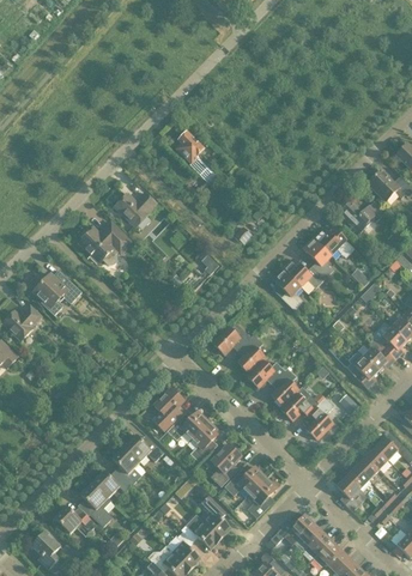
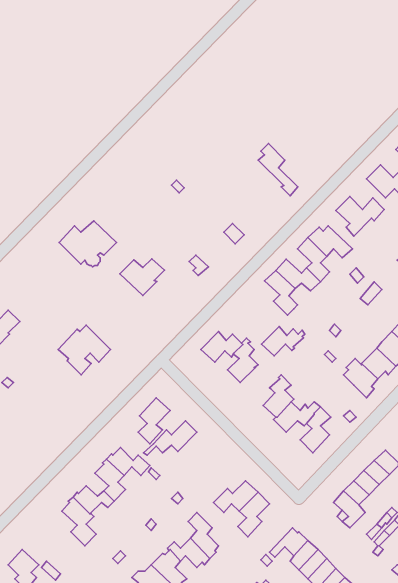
building: [177,133,214,182] -> [258,143,298,196]
building: [115,193,157,228] -> [120,259,164,296]
building: [32,269,81,316] -> [58,325,110,375]
building: [247,360,287,388] -> [261,326,305,356]
building: [189,422,219,463] -> none
building: [211,444,241,487] -> none
building: [53,507,97,538] -> none

